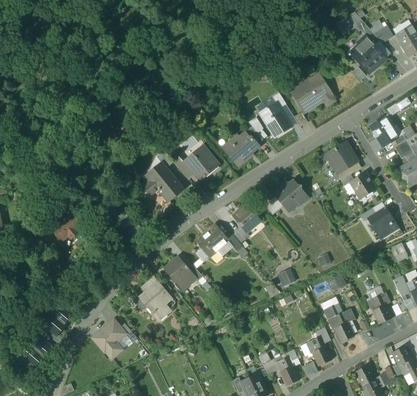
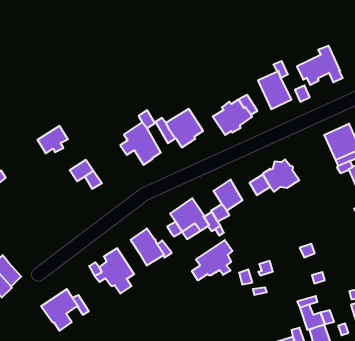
building: [54,214,81,240] -> [37,126,68,153]
building: none -> [192,240,233,280]

